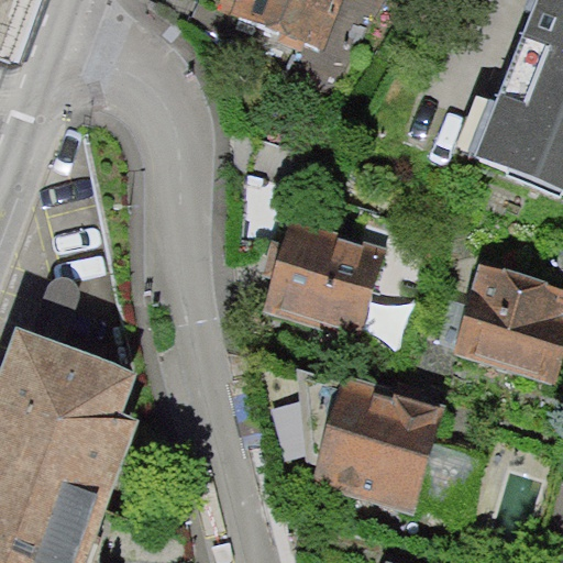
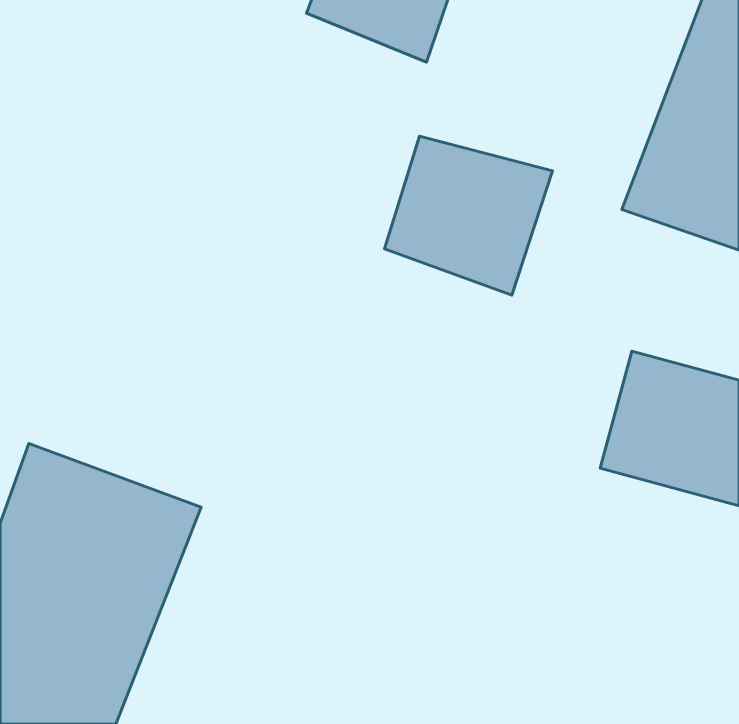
building: [265,213,393,334] -> [385,136,552,295]
building: [312,375,448,516] -> none

